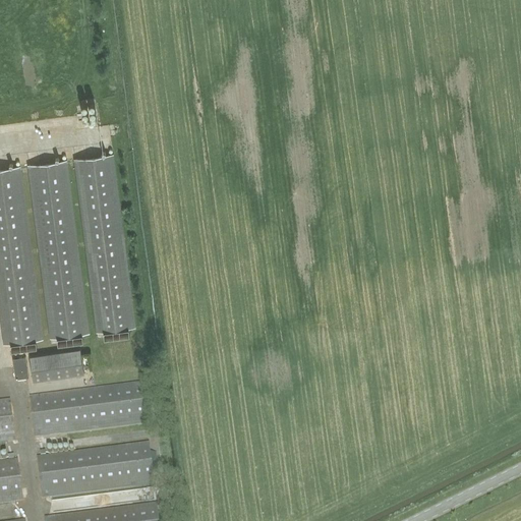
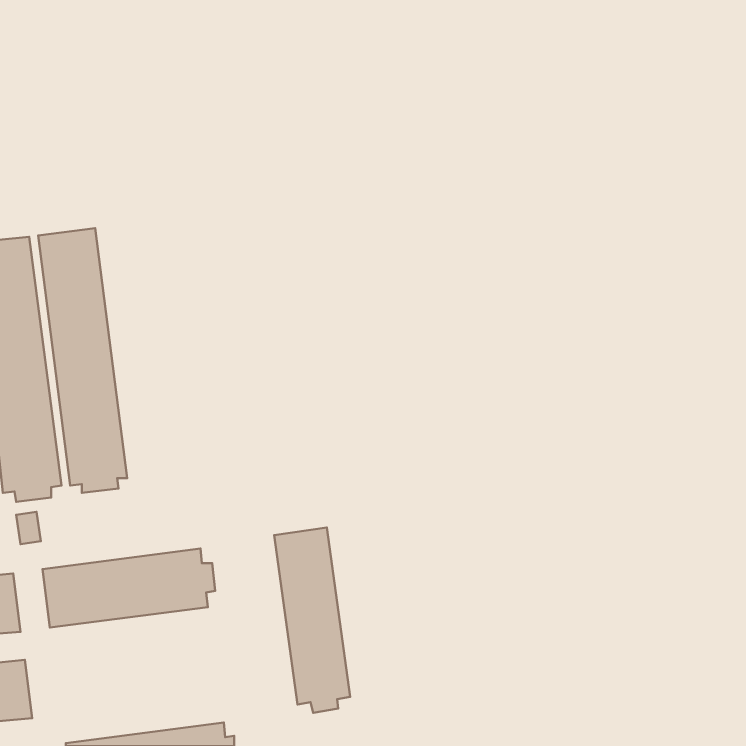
building: [72,154,135,338] -> none
building: [30,348,83,381] -> none
building: none -> [274,528,350,713]
building: [38,442,158,498] -> none

